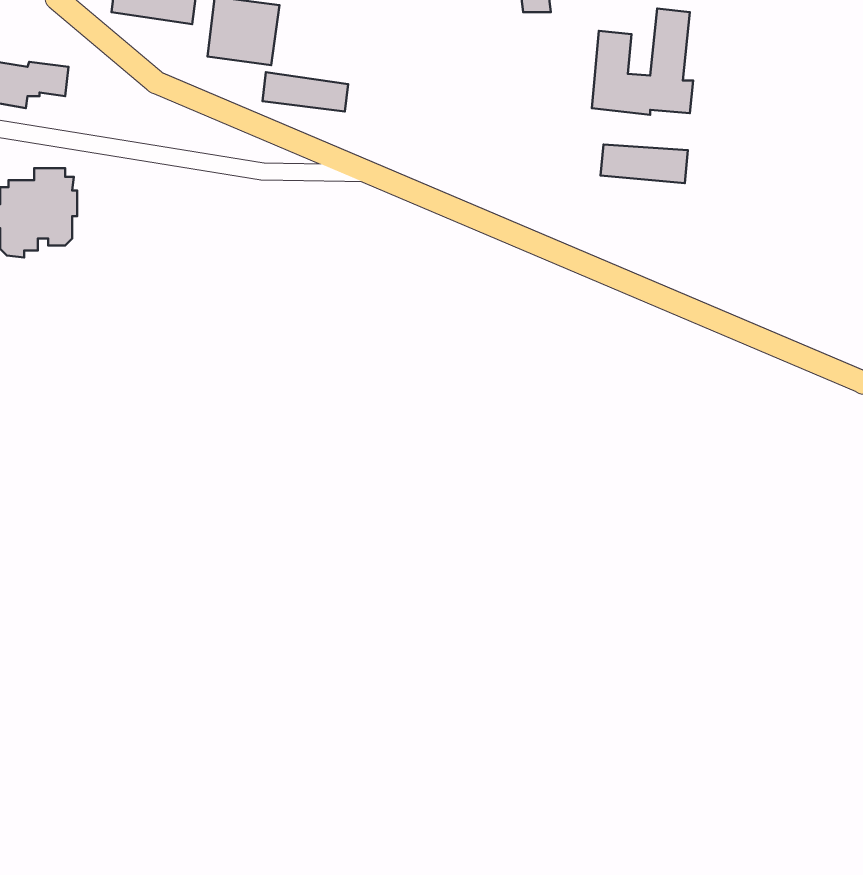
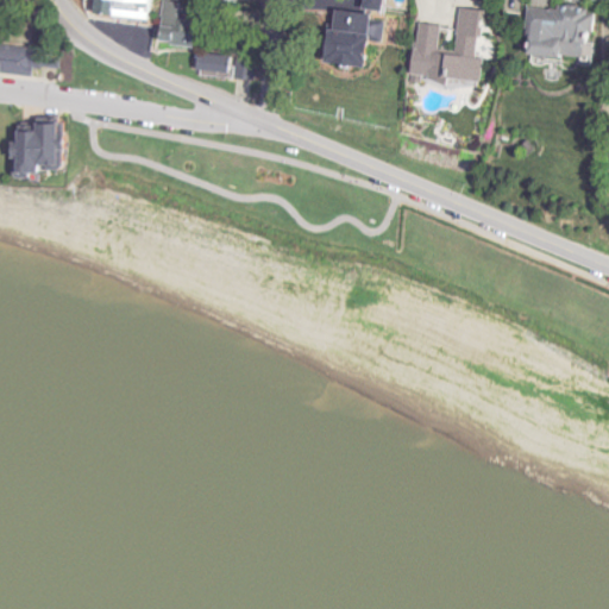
building: none -> [525,6,592,57]
building: none -> [328,8,381,64]
building: [601,145,688,183] -> none

